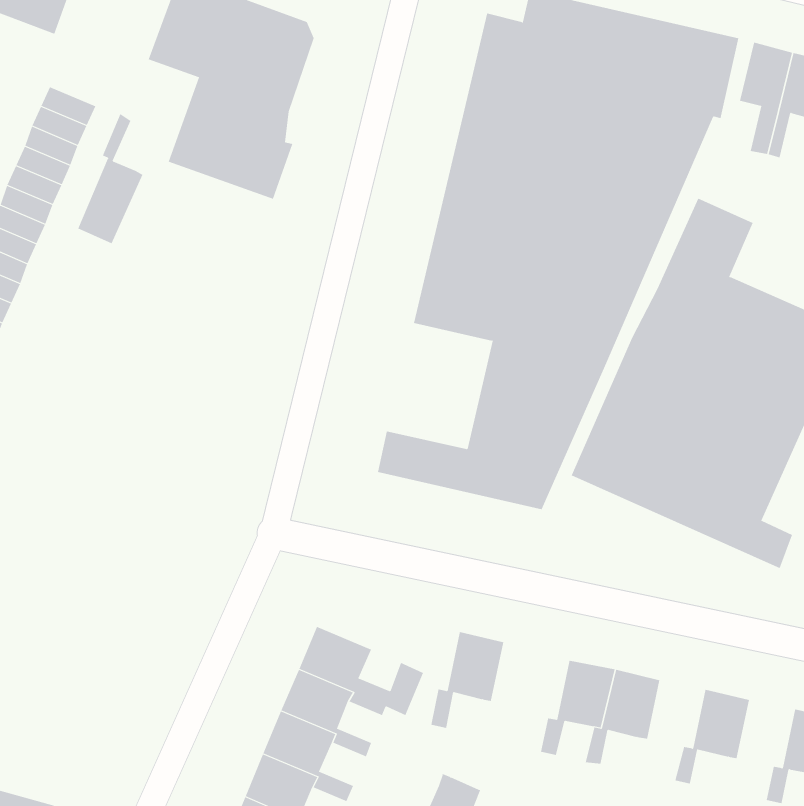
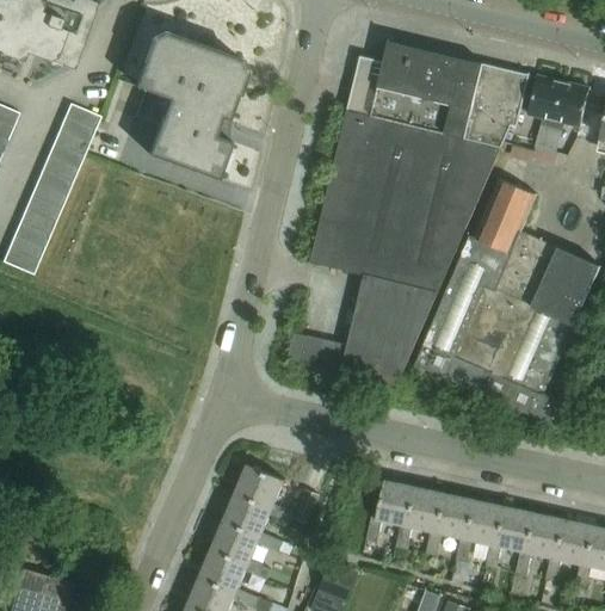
building: [77,113,143,244] -> none
building: [431,632,504,728] -> [365,480,414,544]
building: none -> [455,500,505,563]
building: none -> [514,513,564,576]

